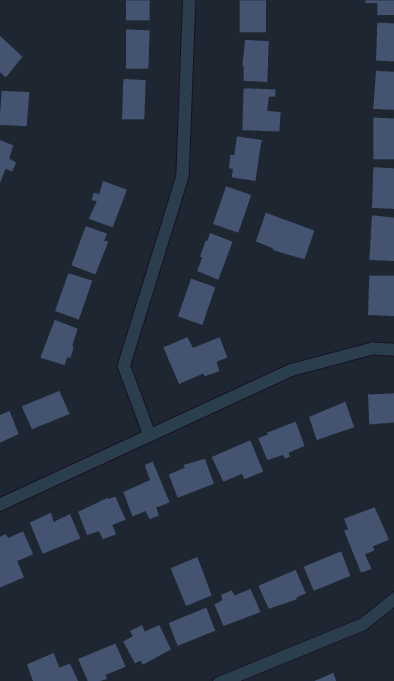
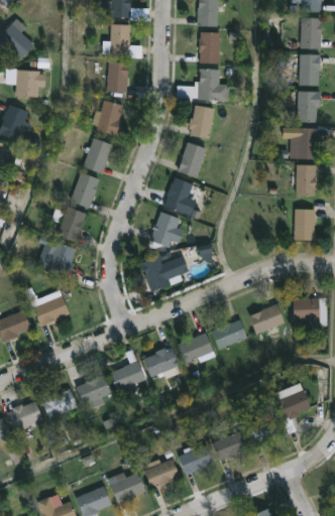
building: none -> [97,99,123,134]
building: [255,212,315,260] -> none
building: [170,556,213,607] -> none

